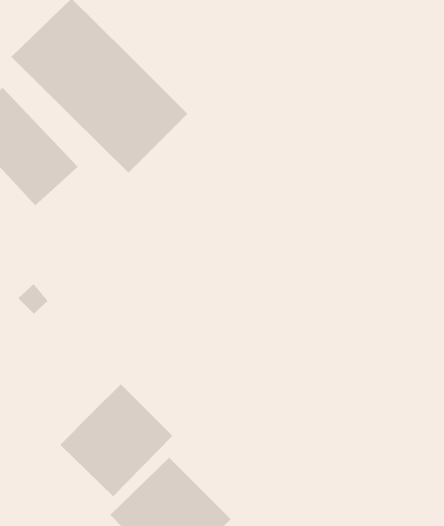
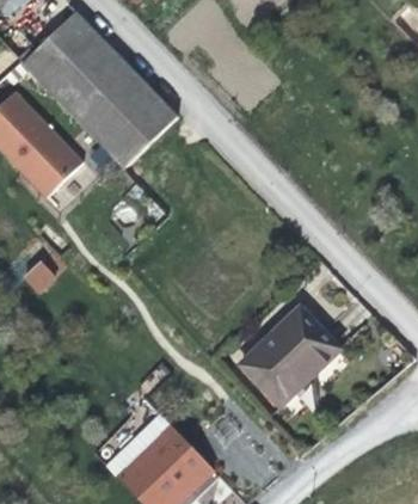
building: none -> [240,306,342,406]
building: [59,383,173,497] -> none

